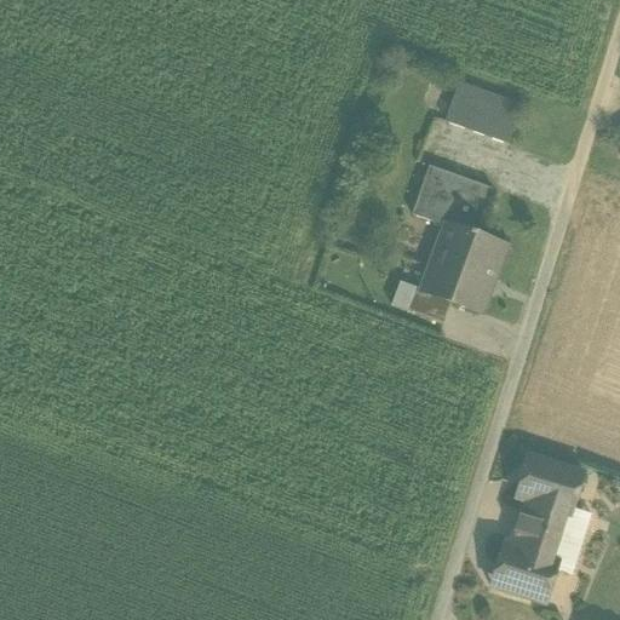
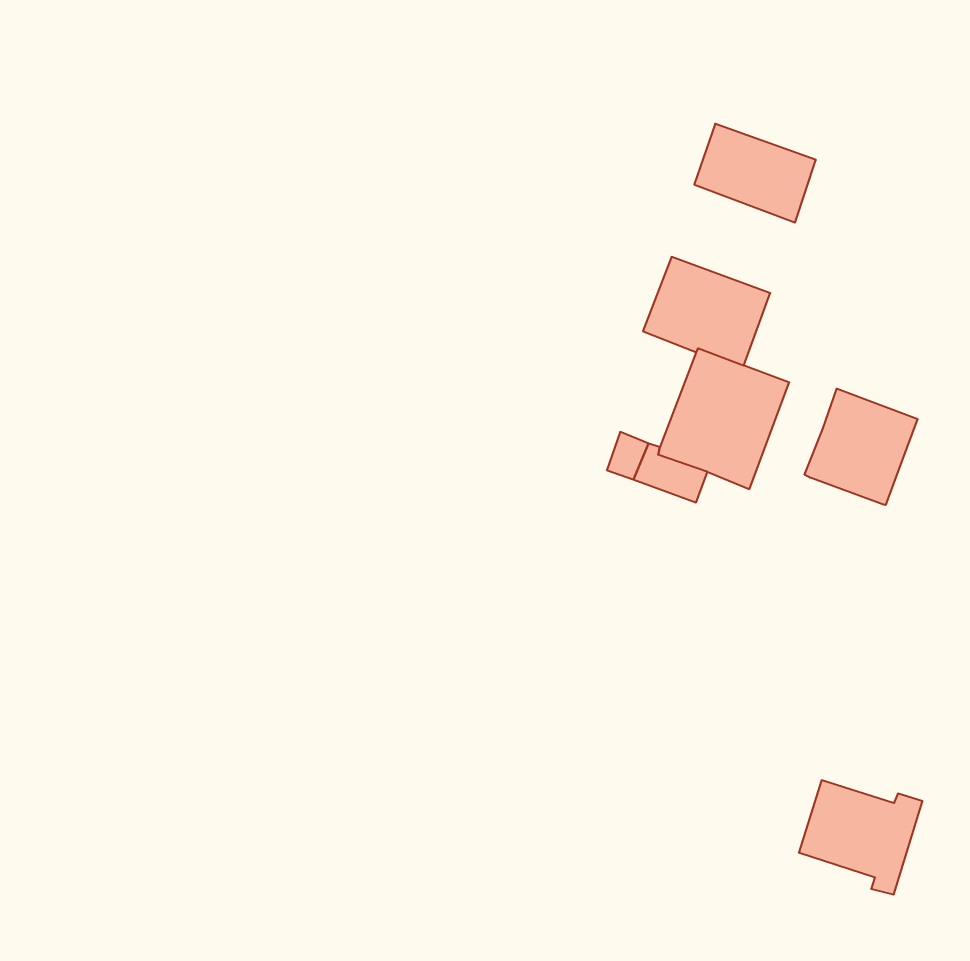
building: none -> [805,389,918,505]
building: [513,453,582,511] -> none
building: [488,541,557,599] -> none

